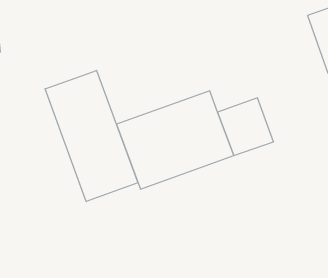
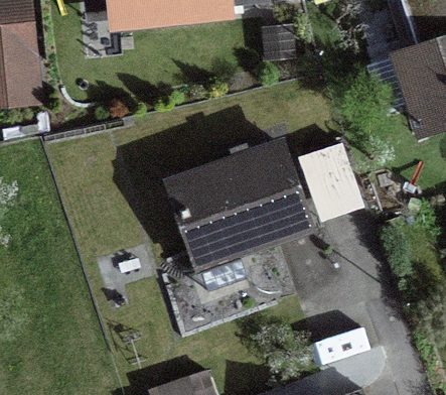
building: [45,70,138,202] -> none

